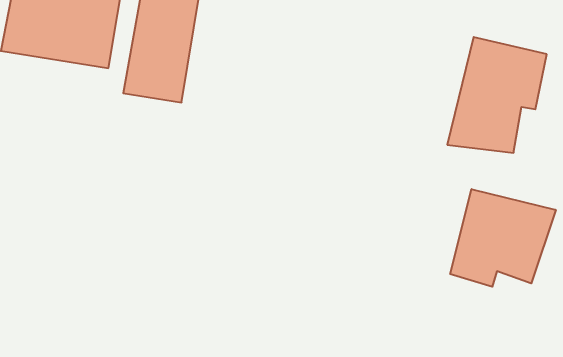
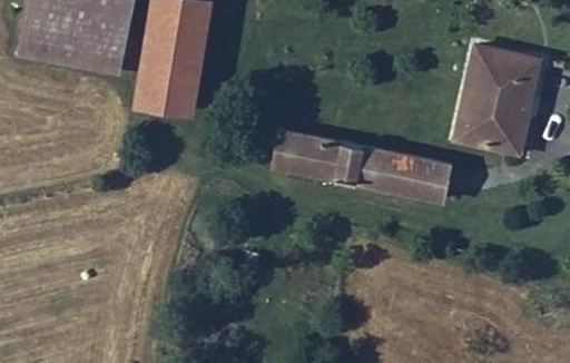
building: none -> [273,131,450,200]
building: [450,189,556,287] -> none

